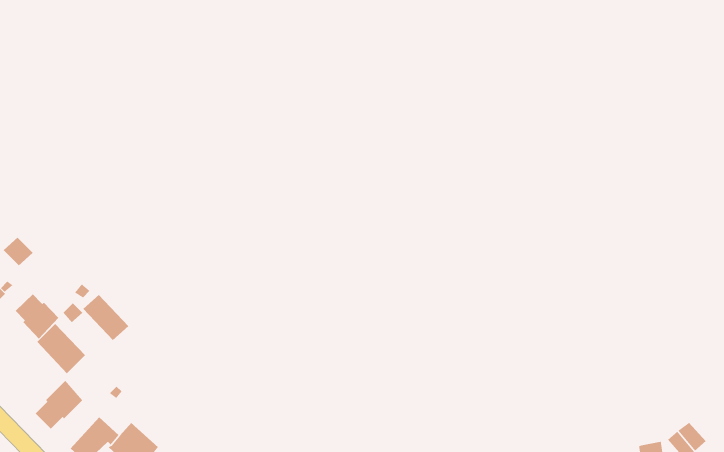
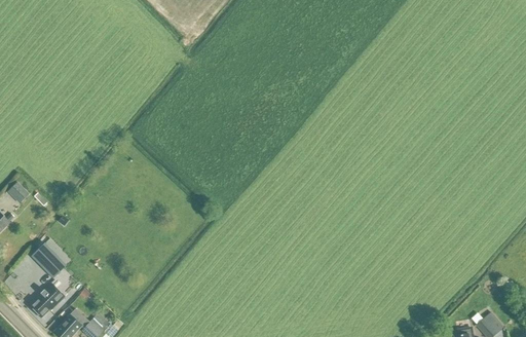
building: [15,293,59,339] -> none
building: [82,294,129,341] -> none

